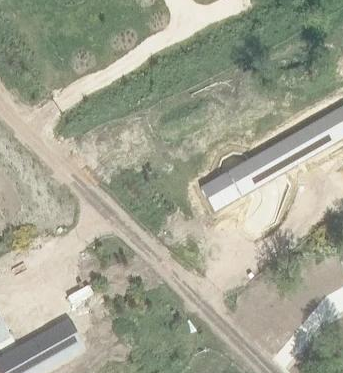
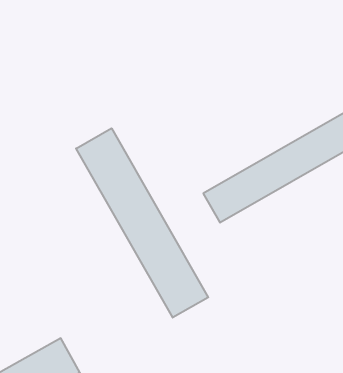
building: none -> [76,128,208,318]

